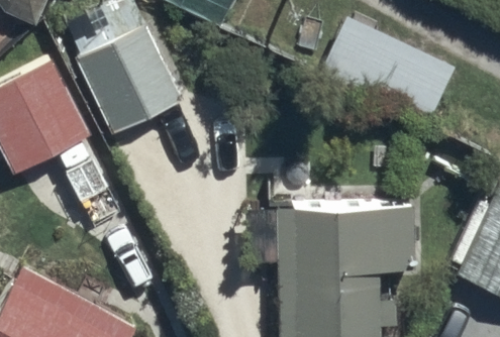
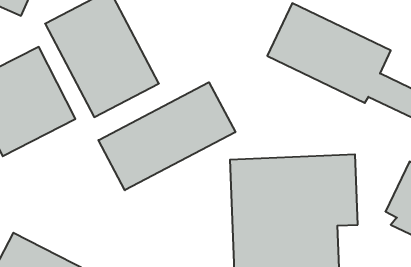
building: none -> [98,82,235,190]

